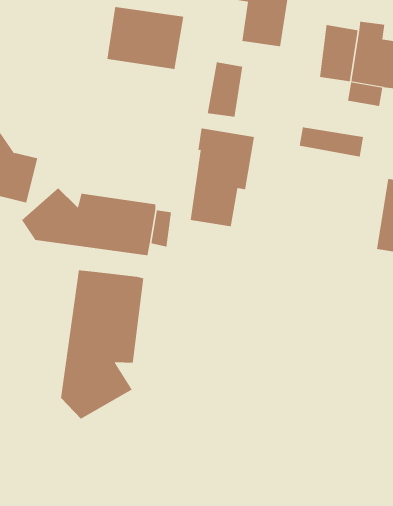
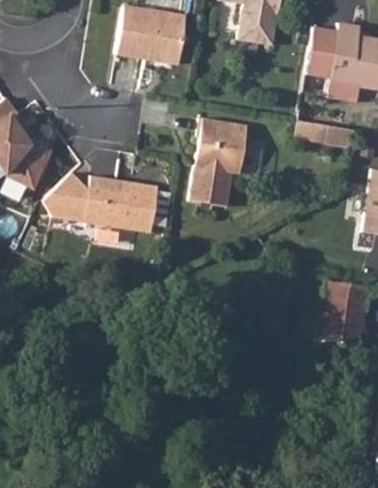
building: [207,62,243,118] -> none
building: [61,270,144,420] -> none
building: none -> [312,273,365,340]

